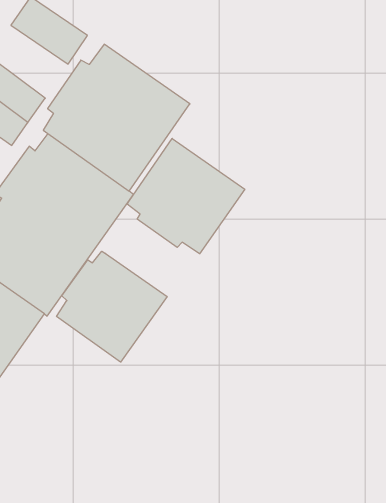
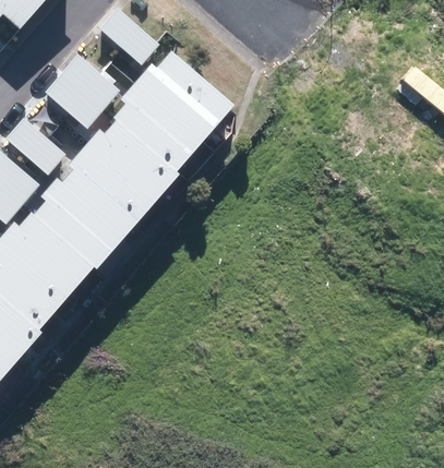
building: [127,138,245,254] -> none
building: [57,251,167,362] -> none

